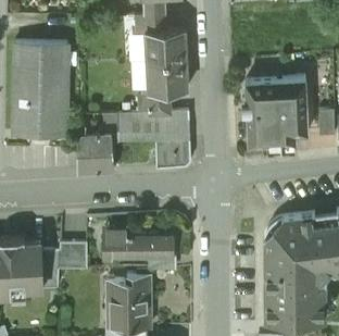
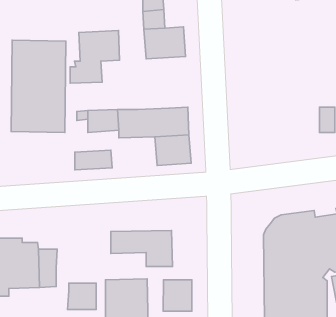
building: [139,59,188,111] -> [70,30,120,83]
building: [242,76,307,148] -> none
building: [59,241,87,267] -> [68,283,96,309]
building: none -> [163,280,192,311]

